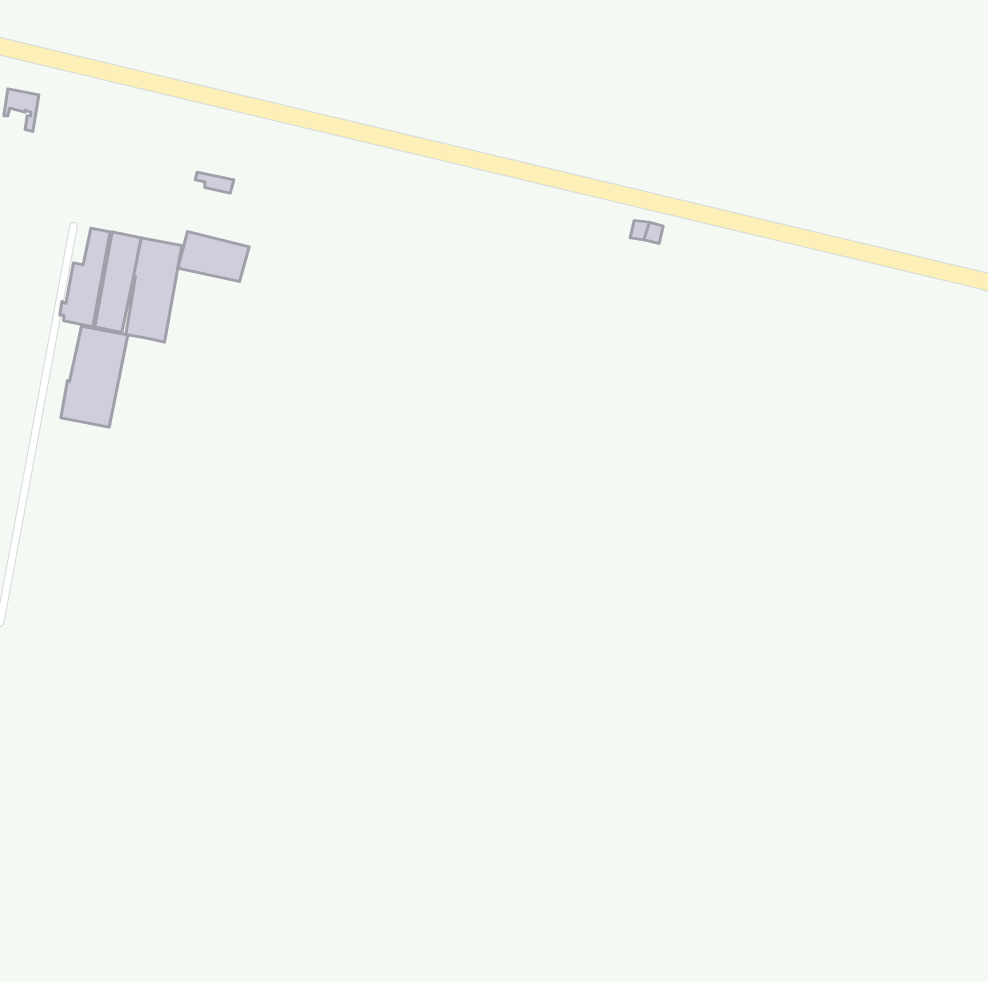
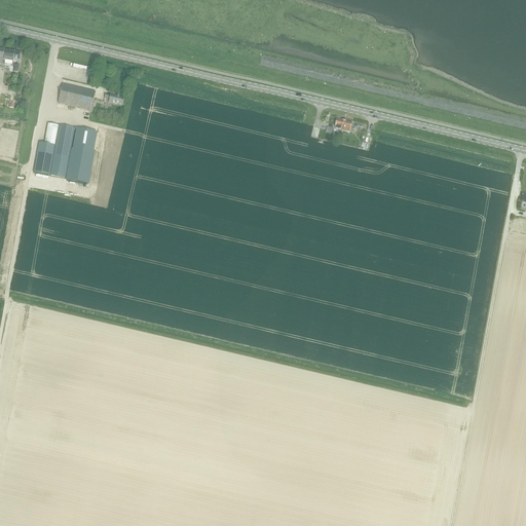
building: [178,231,249,282] -> [58,81,96,108]
building: [61,326,128,427] -> none

